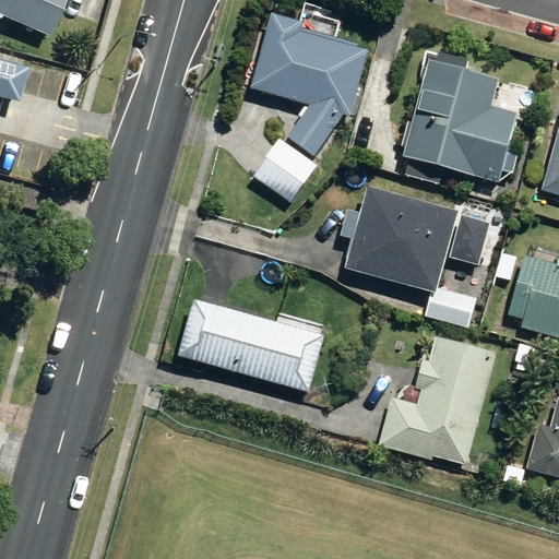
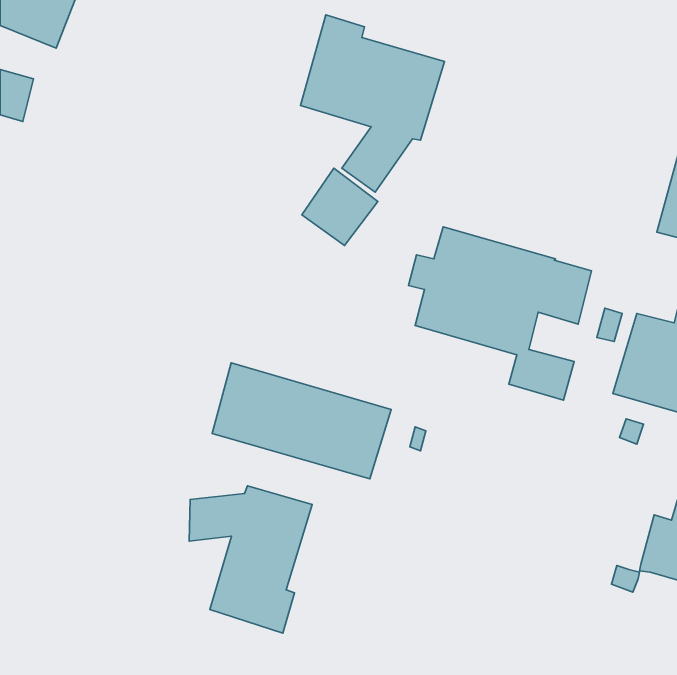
building: [404,60,520,183] -> none
building: [378,336,495,464] -> none
building: none -> [189,486,312,633]

